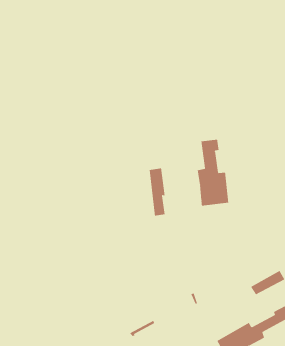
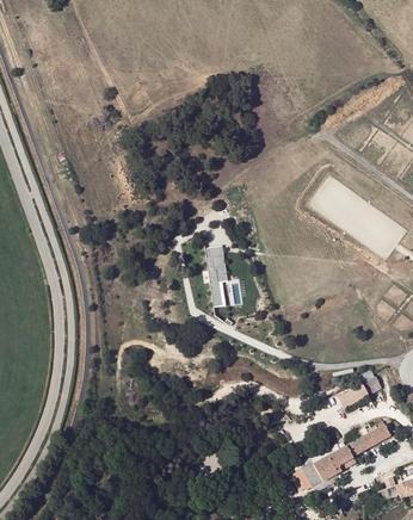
building: [197,139,229,207] -> none

